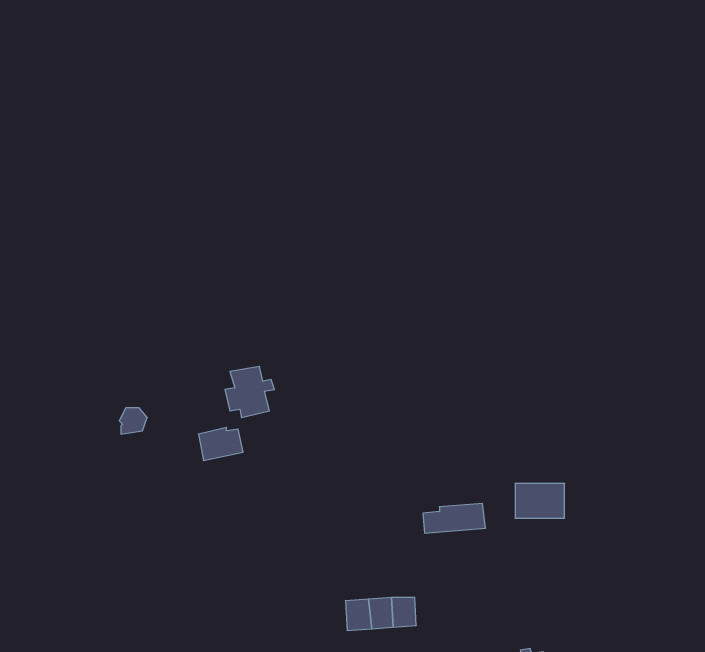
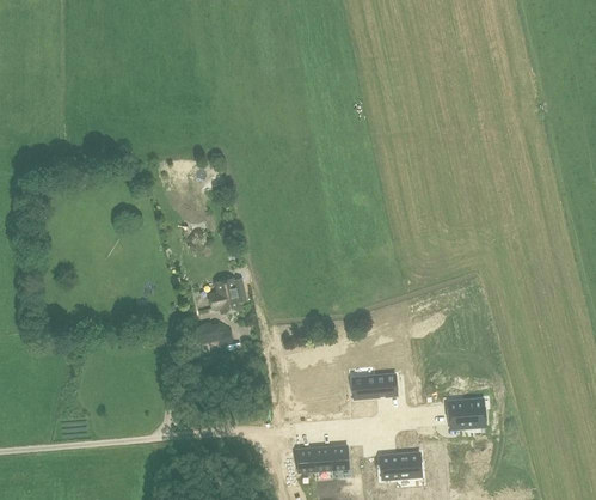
building: [515,483,565,518] -> [449,400,485,425]
building: none -> [382,453,420,477]

